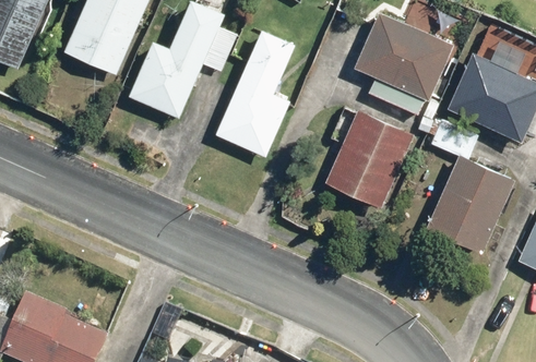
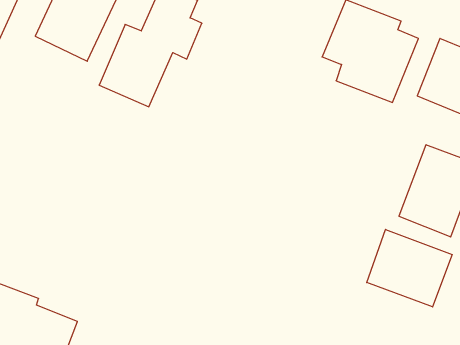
building: [216,27,306,155] -> none
building: [324,105,414,205] -> none
building: none -> [367,229,452,307]

